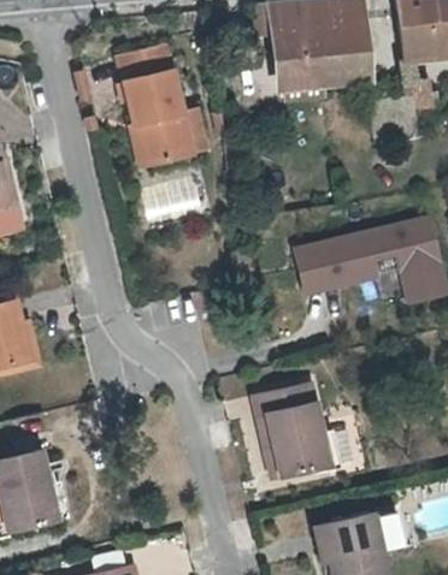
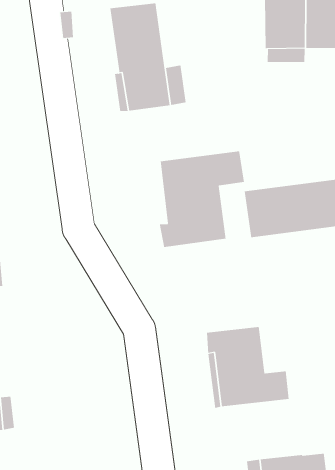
building: none -> [159,150,244,248]

